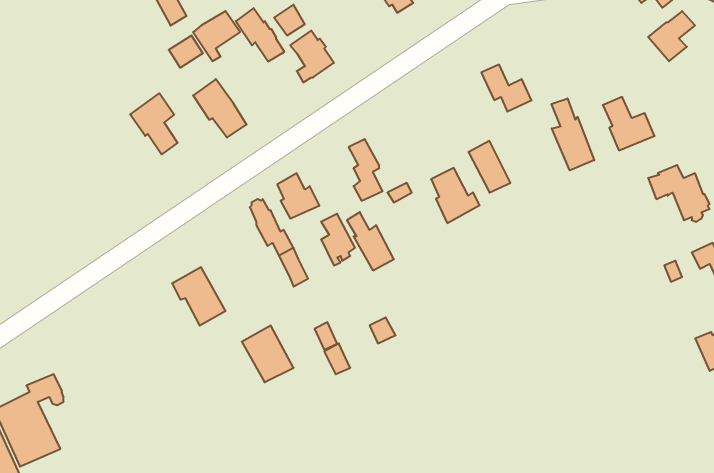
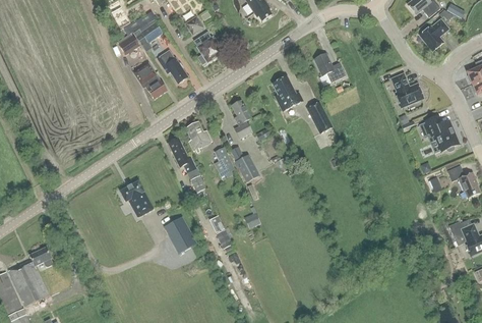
building: [236,8,284,62] -> [158,48,188,82]
building: [130,93,178,154] -> none
building: [551,98,594,170] -> none
building: [431,168,480,223] -> [273,75,303,110]

